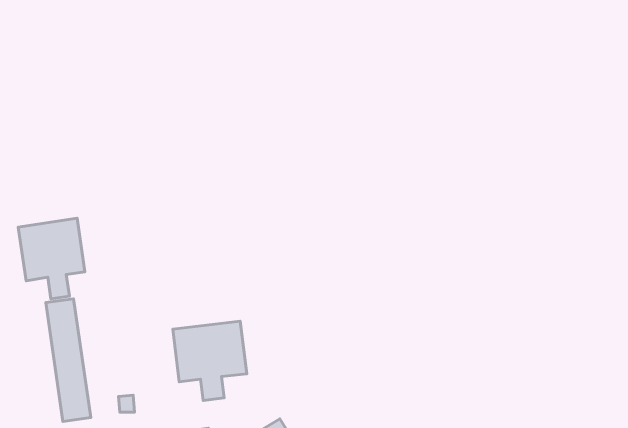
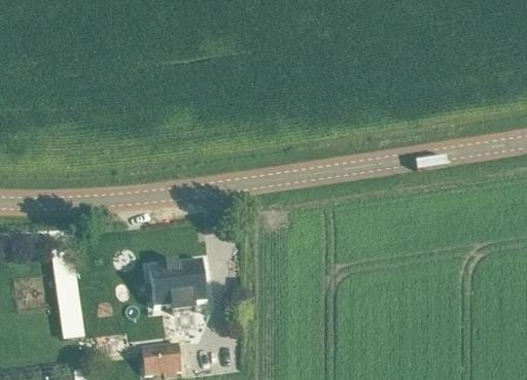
building: [18,218,85,299] -> none

